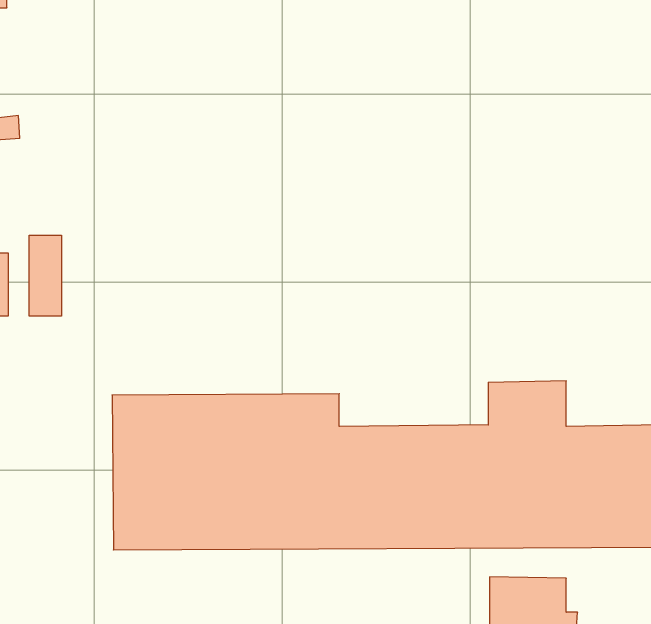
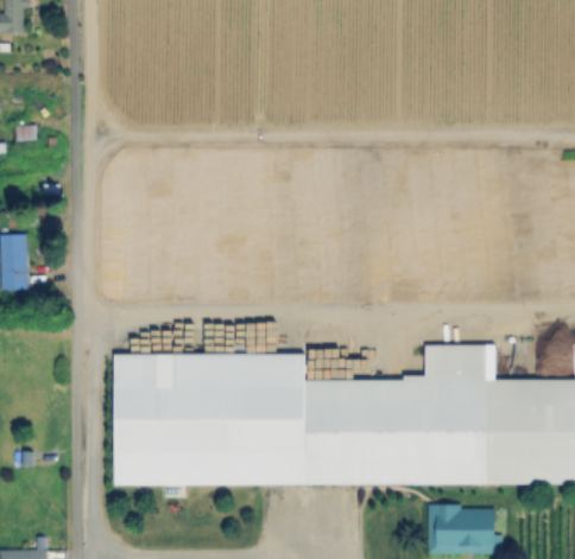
building: [29,235,61,316] -> none

